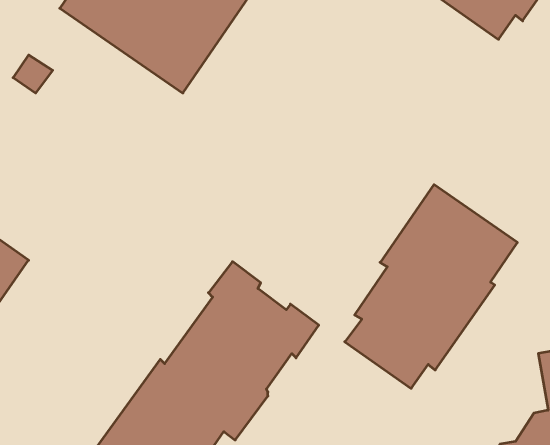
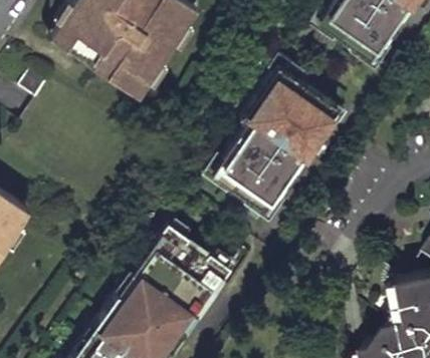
building: [345,185,517,388] -> [213,67,336,212]

